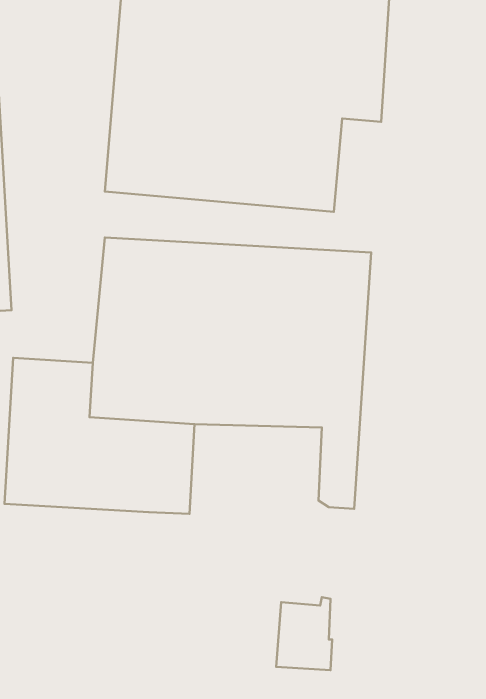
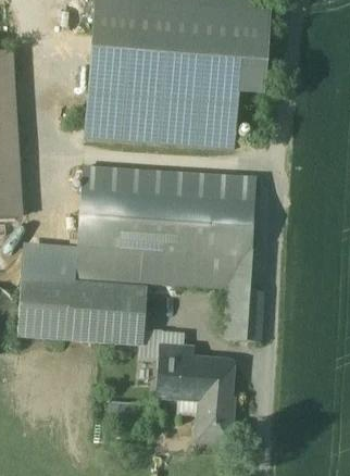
building: none -> [155,343,227,401]

